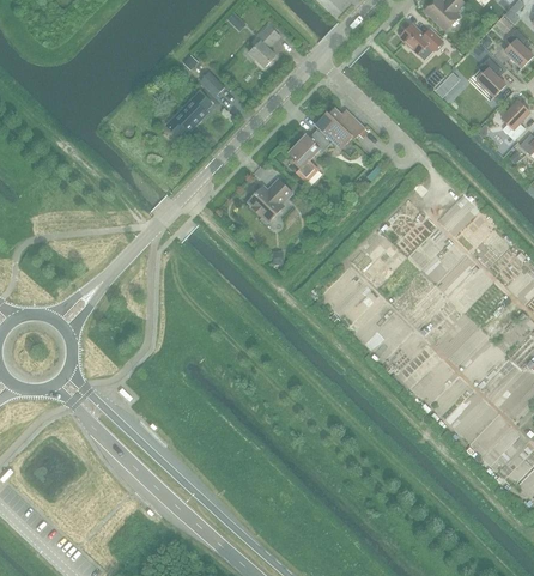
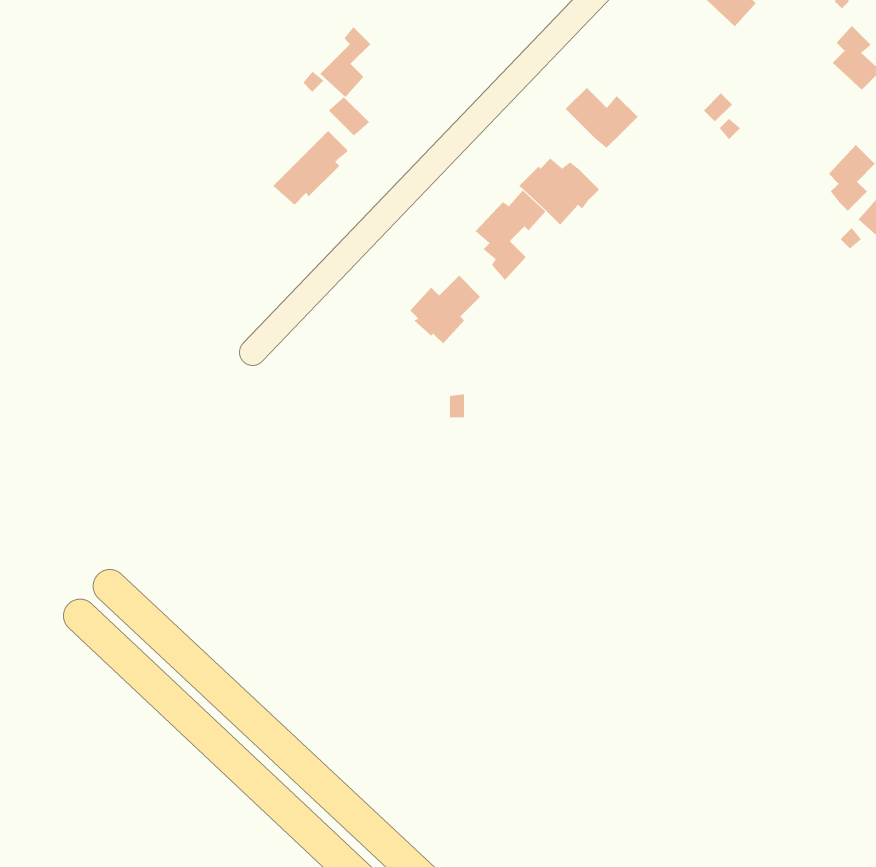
building: [399,23,443,60] -> [565,87,638,149]
building: [249,24,280,67] -> [320,26,371,98]
building: [477,56,505,96] -> none

